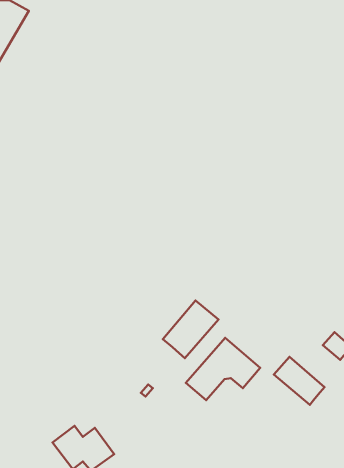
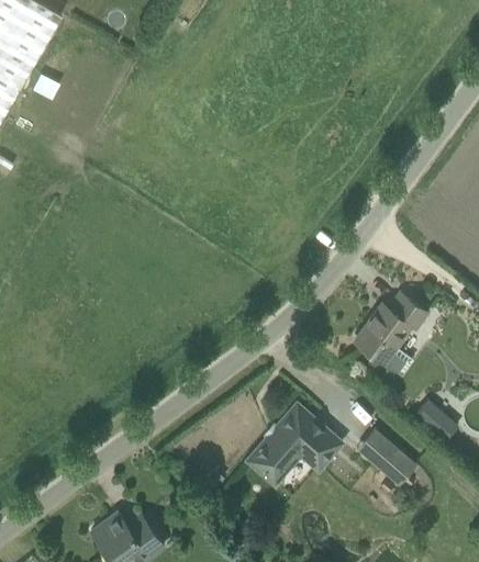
building: none -> [354,291,426,374]
building: [163,300,218,358] -> none

